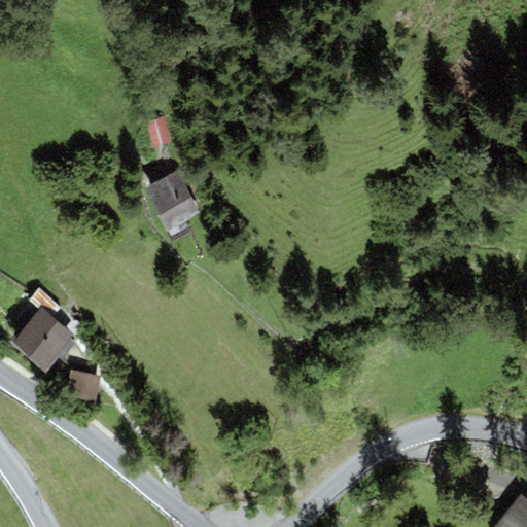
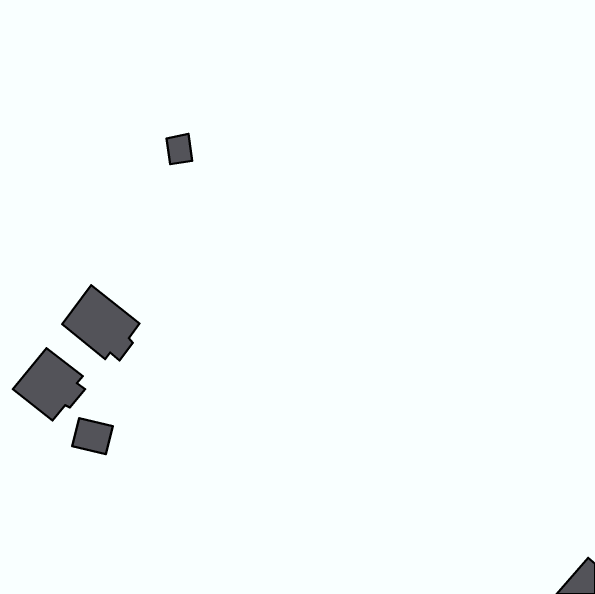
building: [145,172,201,232] -> none
building: none -> [62,285,139,360]

